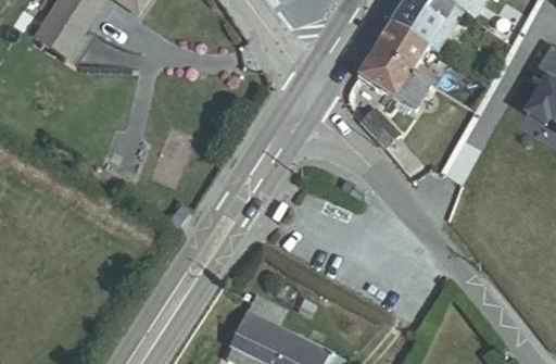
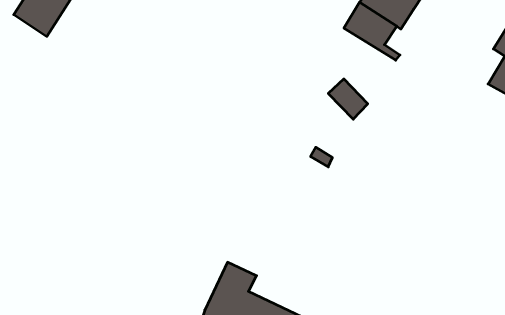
building: [361,50,433,111] -> none

